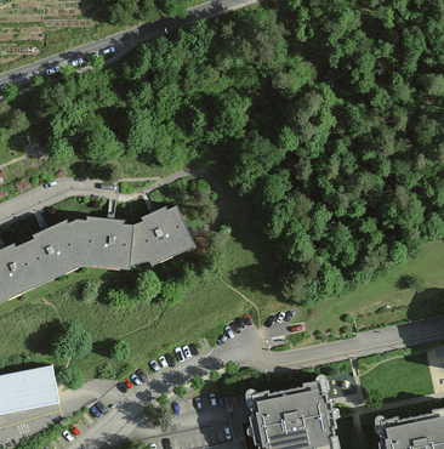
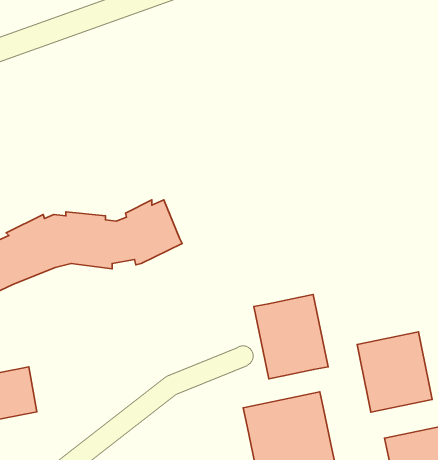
building: none -> [254,295,328,379]
building: none -> [357,332,432,412]

